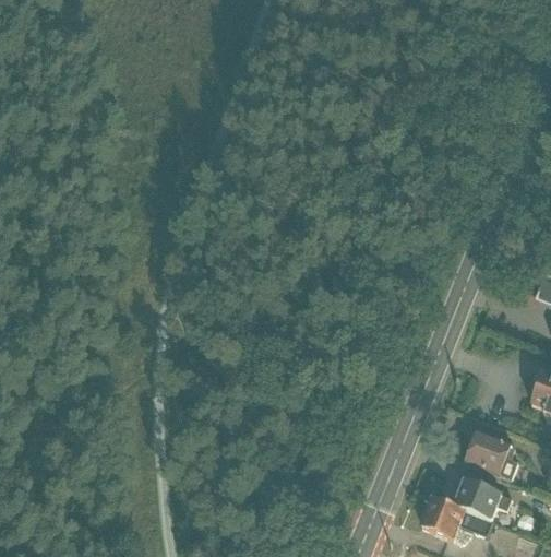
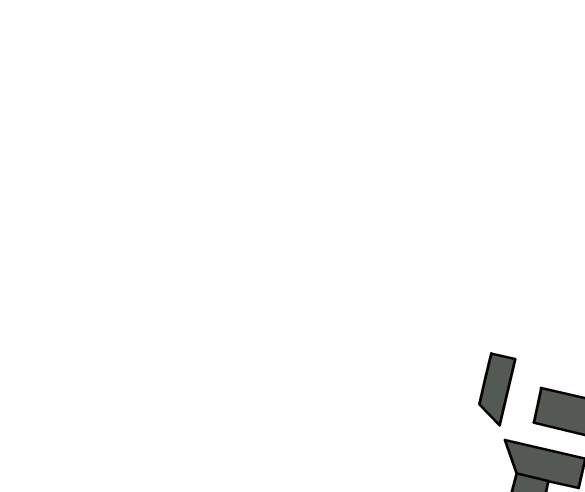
building: none -> [480,353,515,425]

